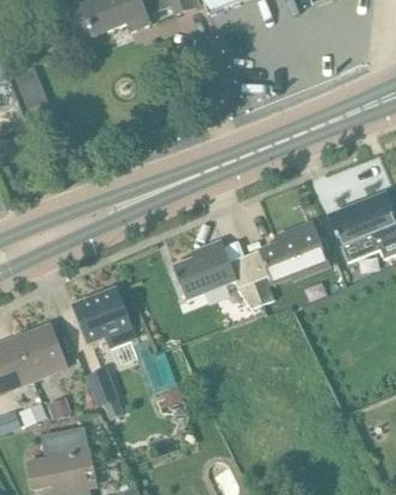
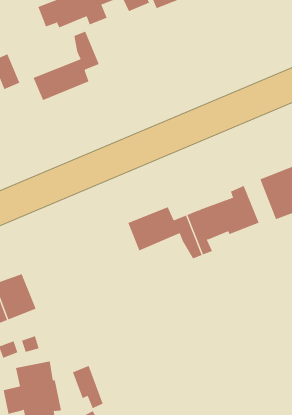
building: none -> [33,31,99,101]
building: [73,289,135,347] -> none
building: [86,367,123,419] -> [72,365,103,409]

